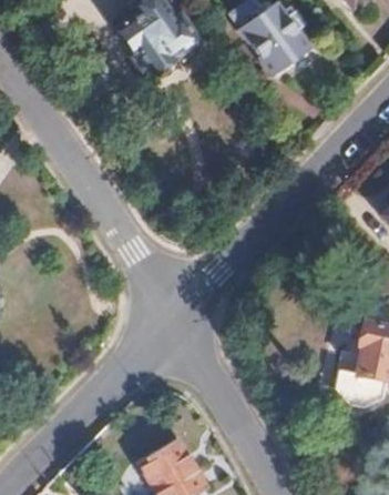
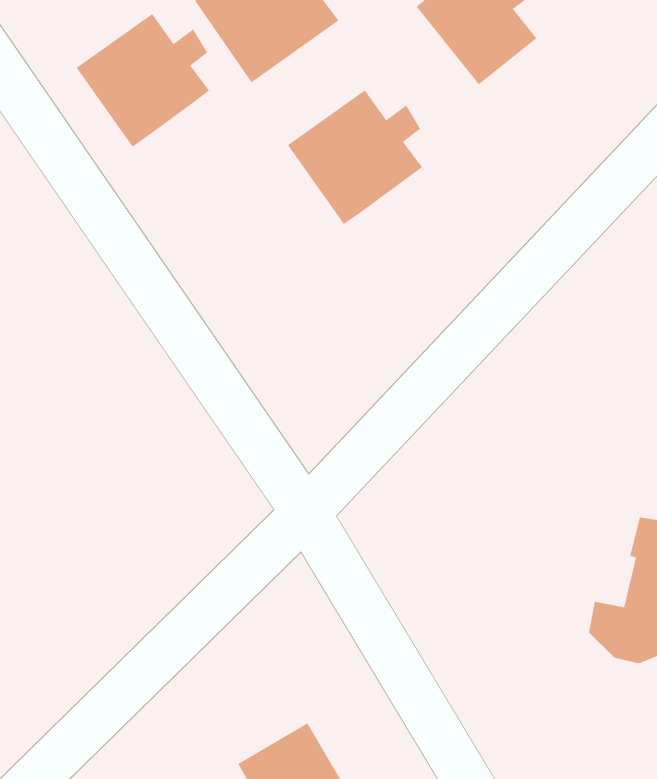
building: none -> [76,13,210,147]
building: none -> [287,89,423,225]

